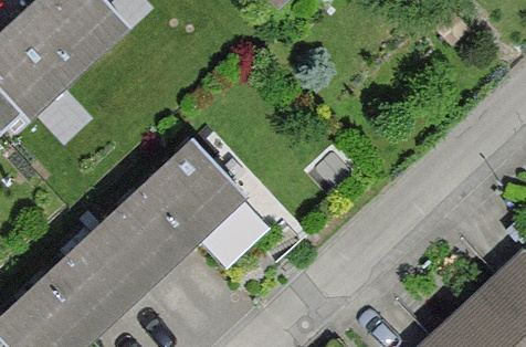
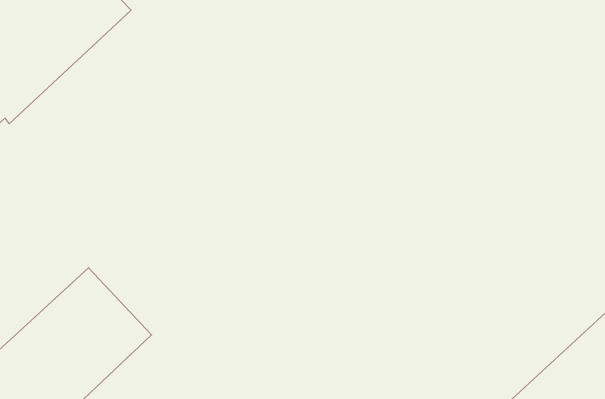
building: [93,140,243,288] -> none

